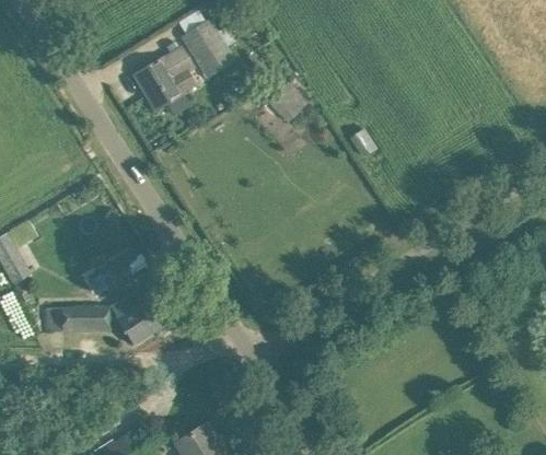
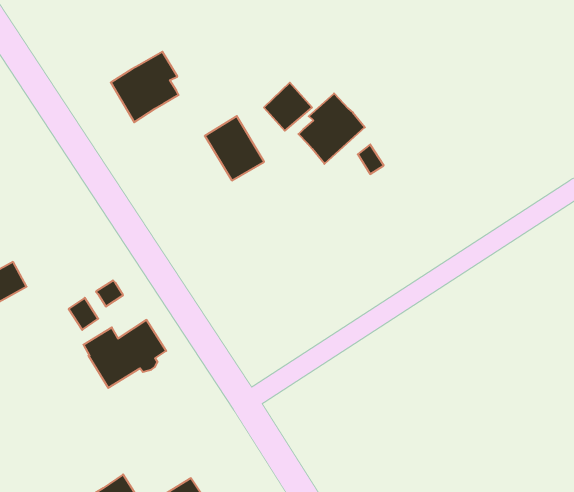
building: [179,20,232,77] -> [205,116,264,180]
building: none -> [298,93,365,164]
building: [42,306,109,334] -> none

